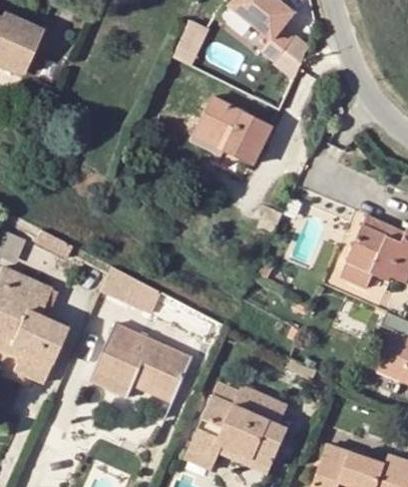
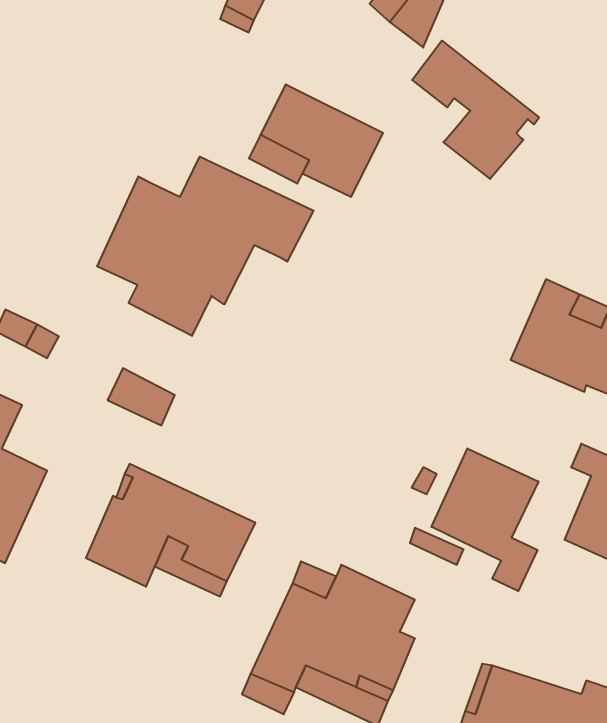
building: none -> [412,41,539,179]
building: none -> [97,157,314,336]
building: none -> [431,448,538,591]

